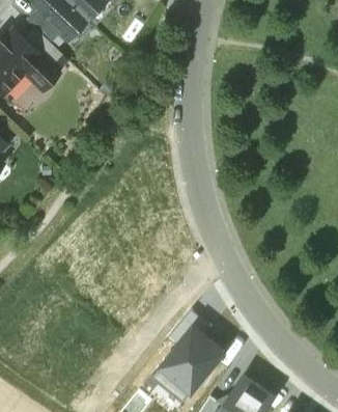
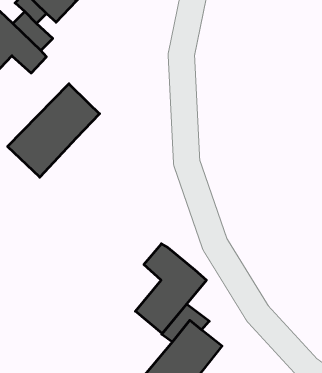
building: none -> [8,84,100,177]
building: none -> [135,244,206,333]

